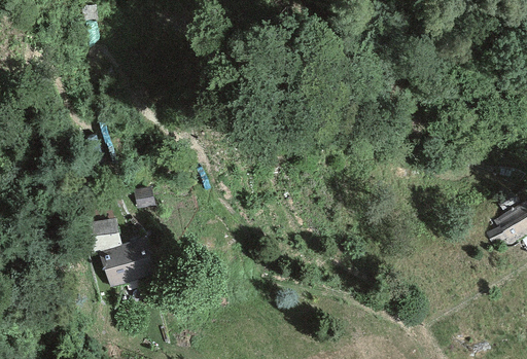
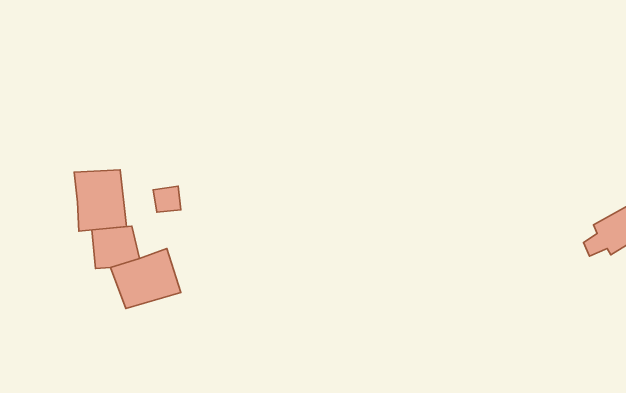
building: none -> [74,170,127,231]

